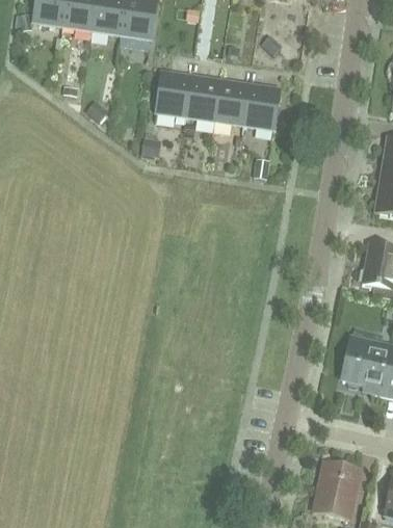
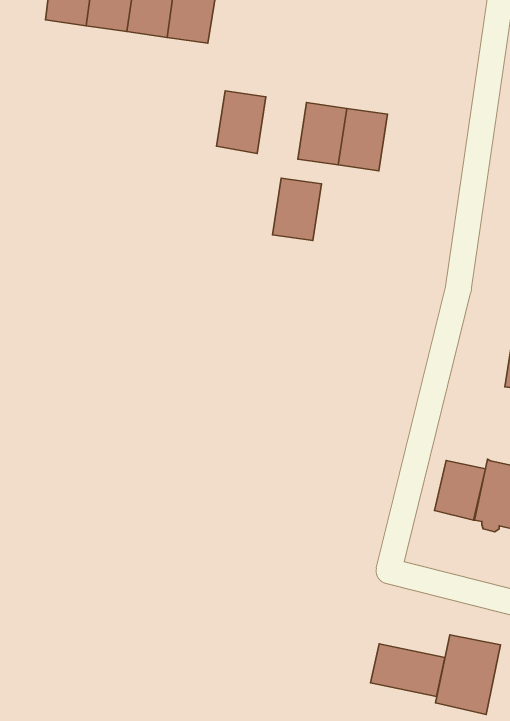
building: [185,76,220,121] -> [272,178,322,241]
building: none -> [435,460,485,520]
building: none -> [370,644,445,696]

